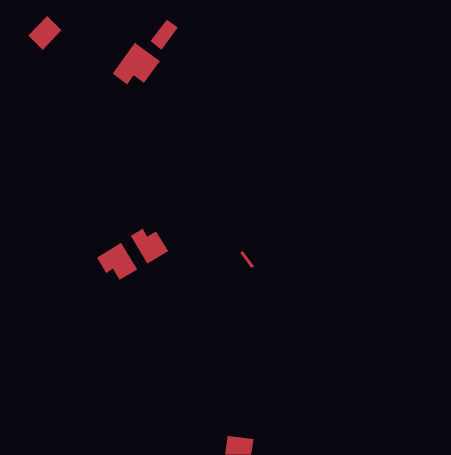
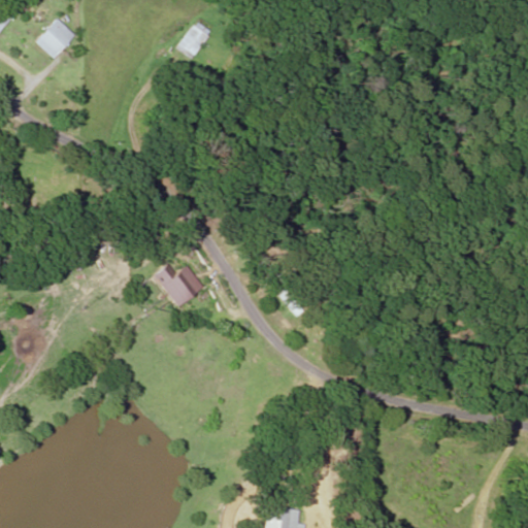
building: [112,42,161,85] -> none
building: [96,242,138,281] -> none

